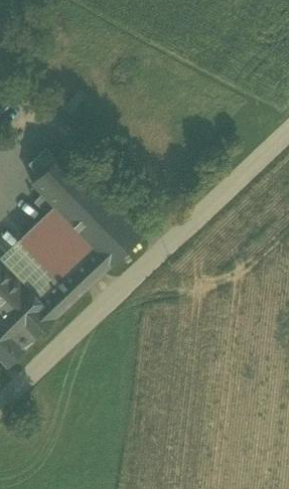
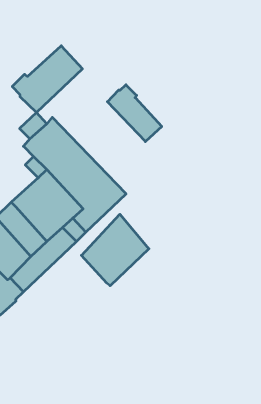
building: none -> [12,46,82,113]
building: none -> [107,85,162,142]
building: none -> [81,214,149,286]

